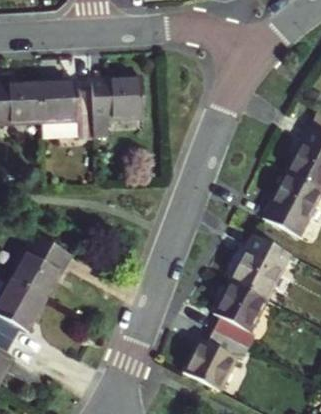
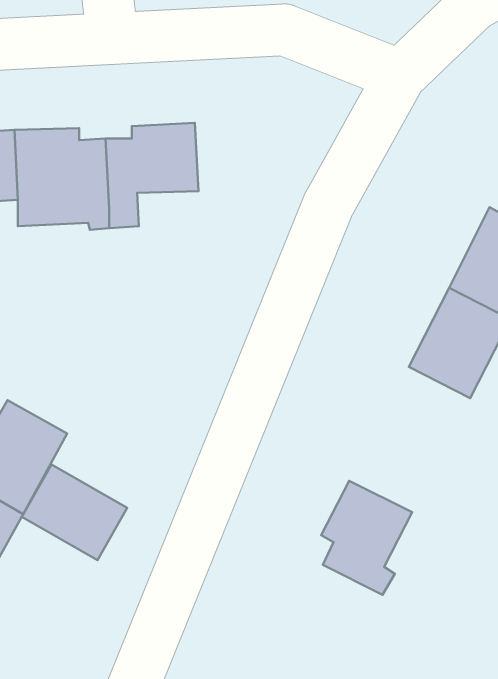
building: [230,234,290,299] -> none
building: none -> [22,464,127,560]
building: [183,329,249,390] -> none

